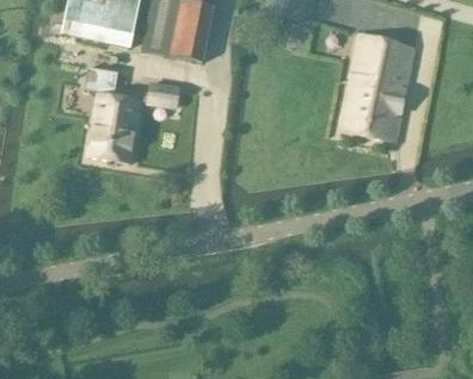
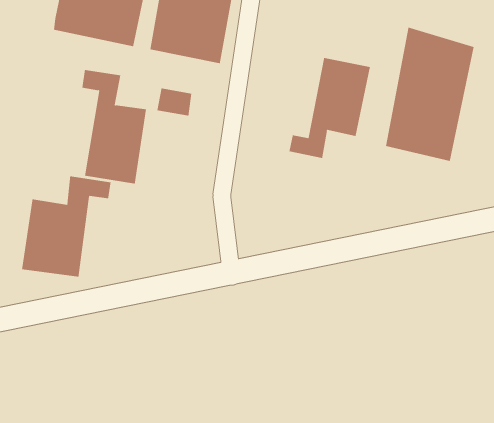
building: none -> [289,57,371,159]
building: none -> [21,176,111,278]

